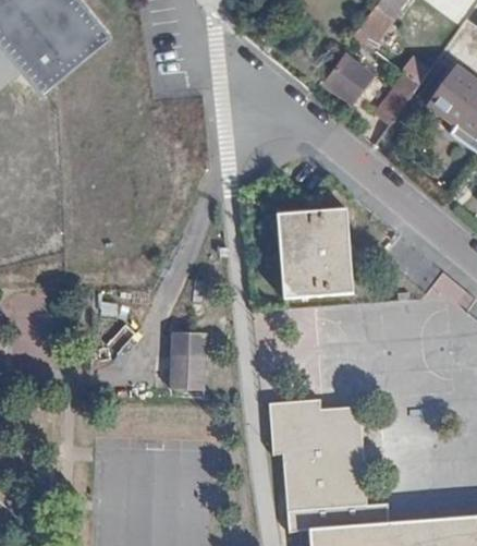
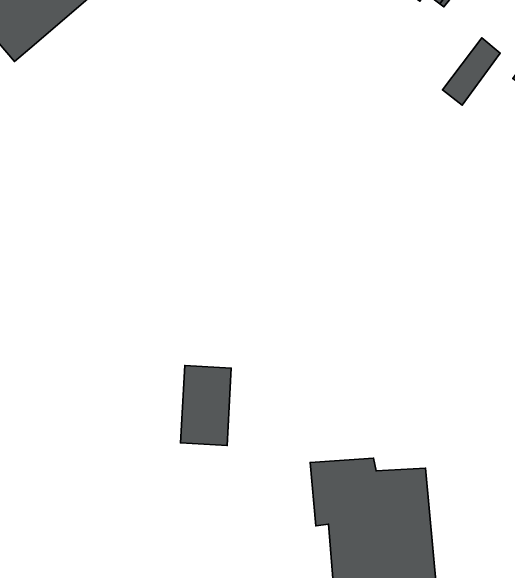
building: [322,57,370,105] -> none
building: [277,208,352,298] -> none

